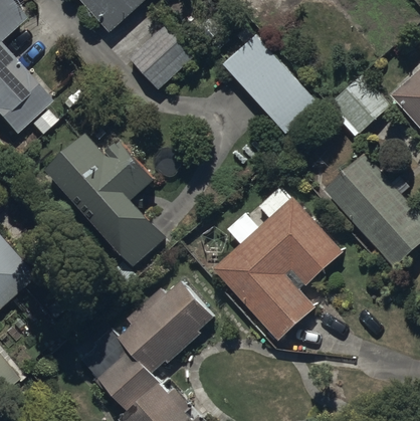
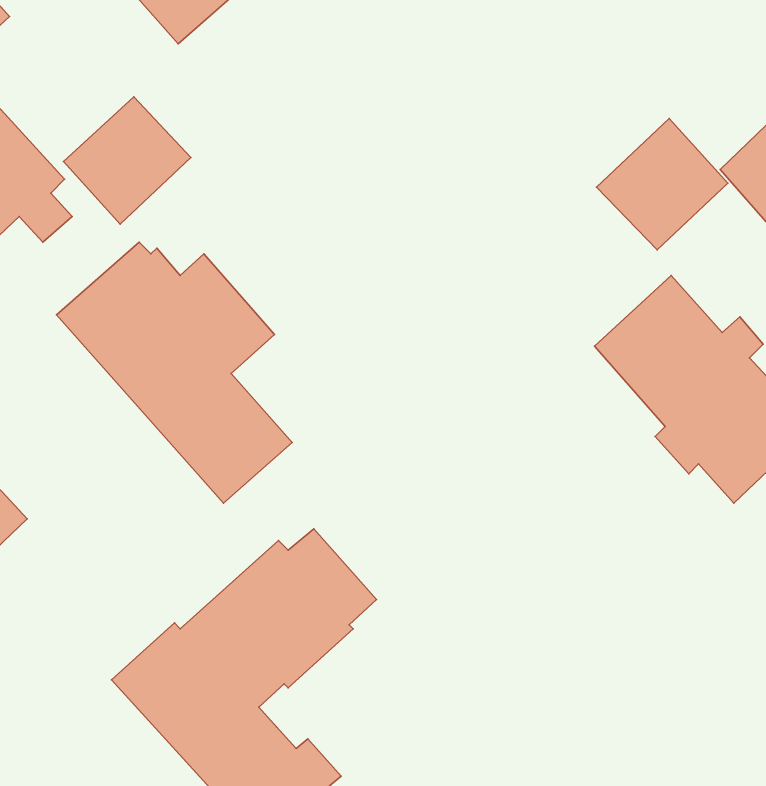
building: [131,23,196,88] -> [63,97,191,224]
building: [223,25,320,132] -> none
building: [212,188,342,341] -> none

